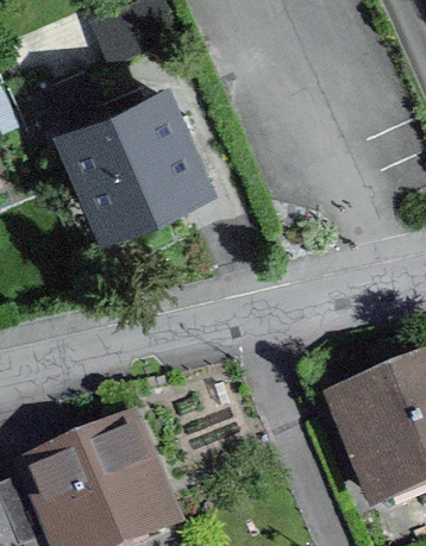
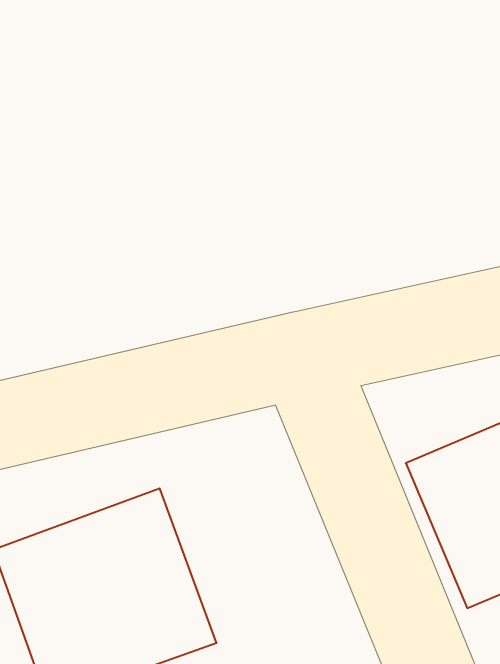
building: [54,75,206,227] -> none

